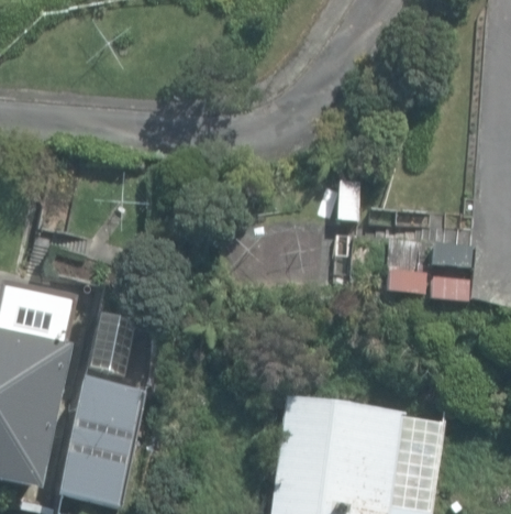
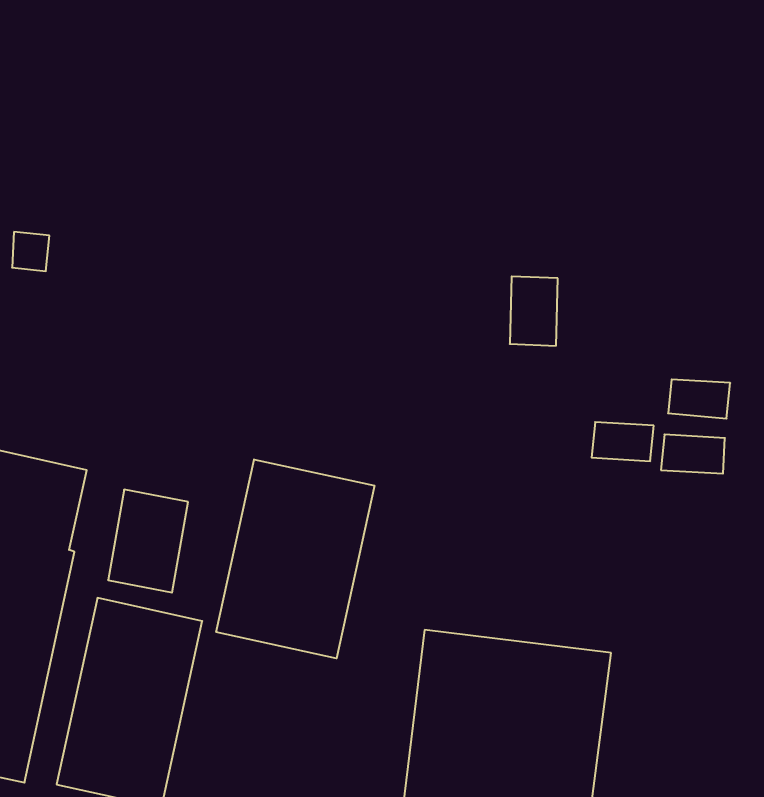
building: none -> [216,459,374,658]

